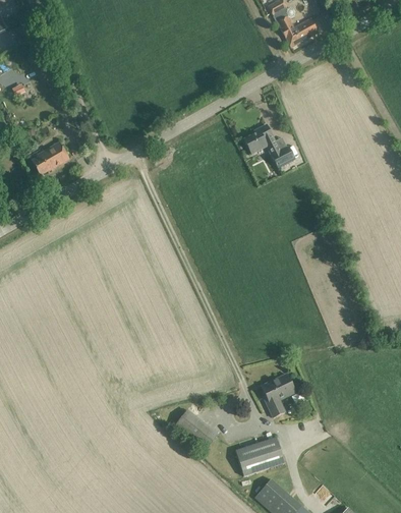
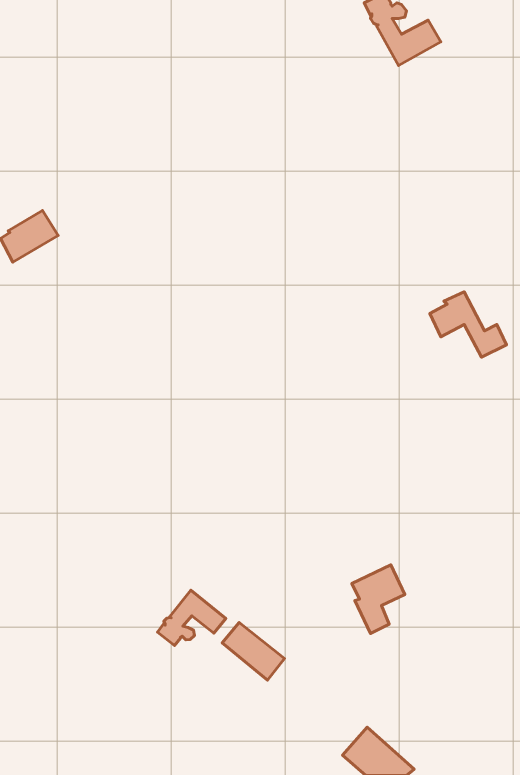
building: [244,124,294,167] -> [430,292,506,357]
building: none -> [158,590,226,646]
building: [235,436,285,476] -> none

